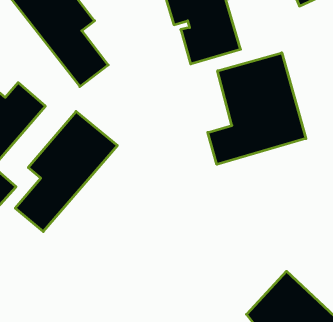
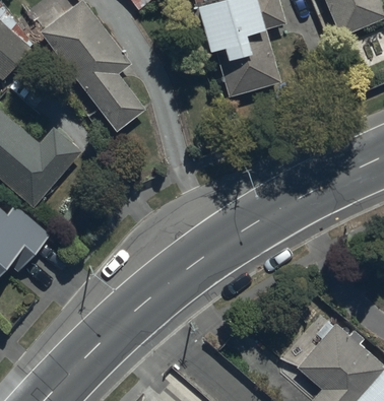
building: [208,53,306,164] -> none
building: [15,111,117,232] -> none

